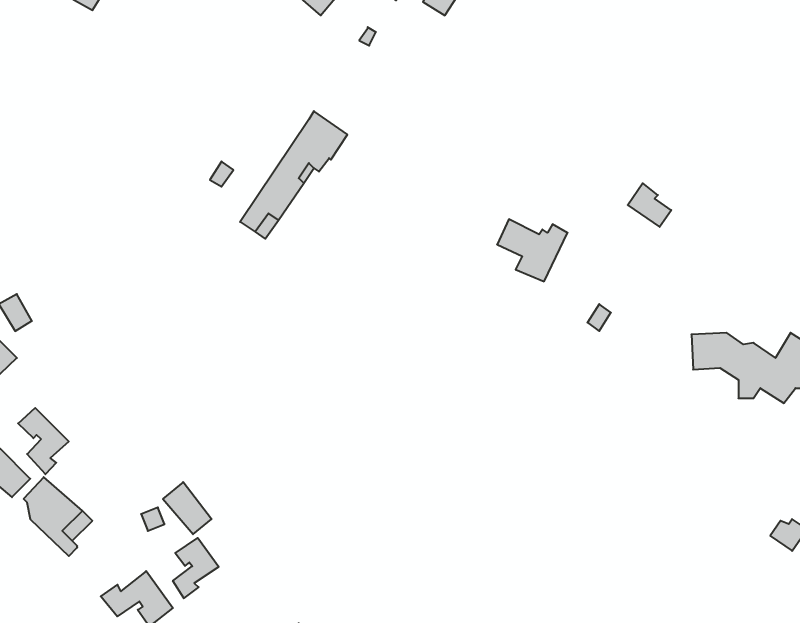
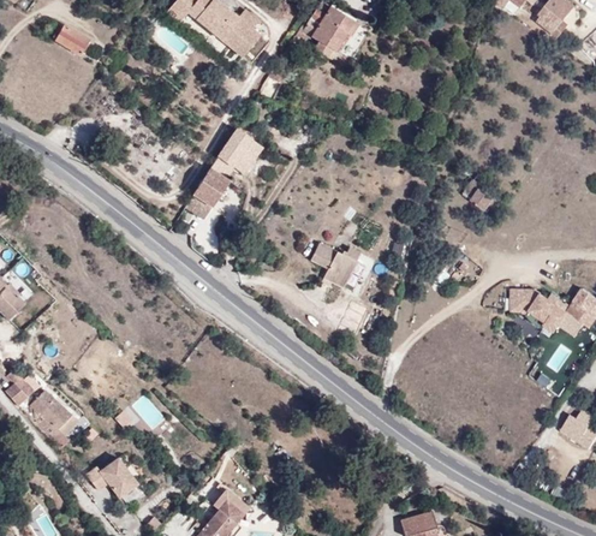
building: [497,219,568,281] -> [310,240,360,285]
building: [18,408,69,474] -> none
building: [173,538,219,598] -> none

